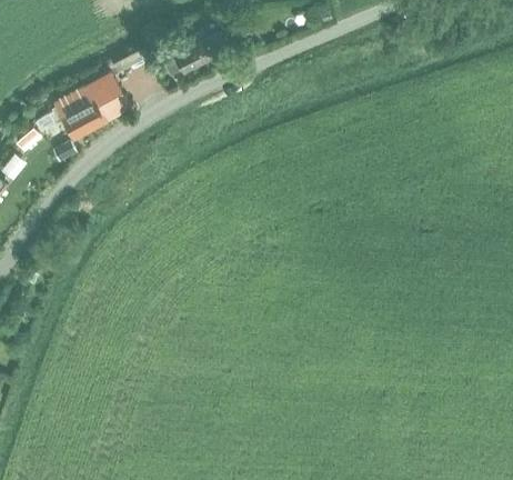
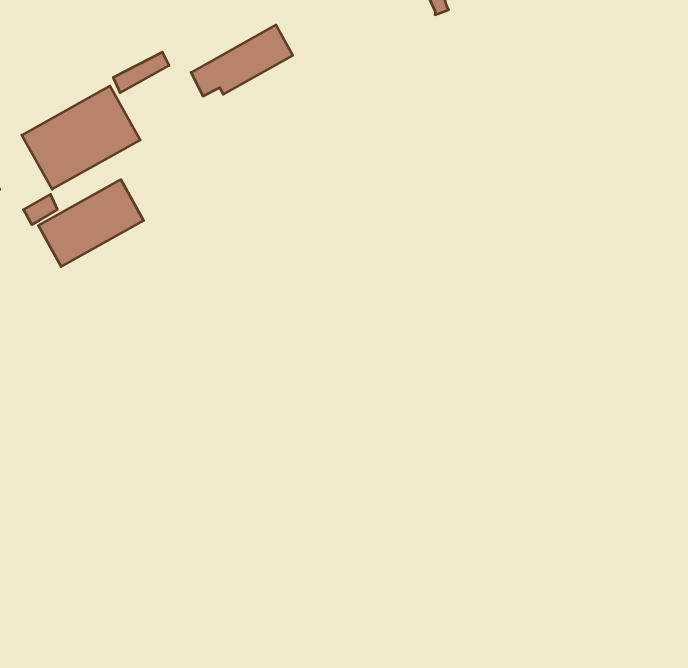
building: none -> [38,180,144,267]

